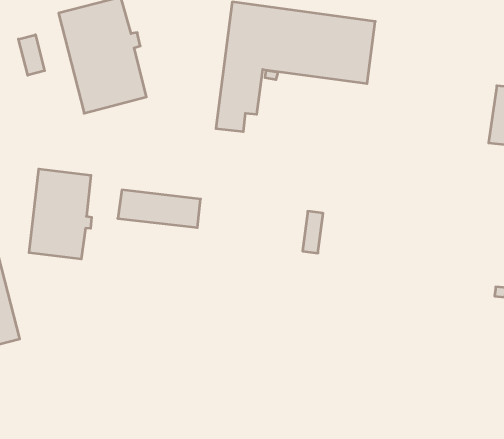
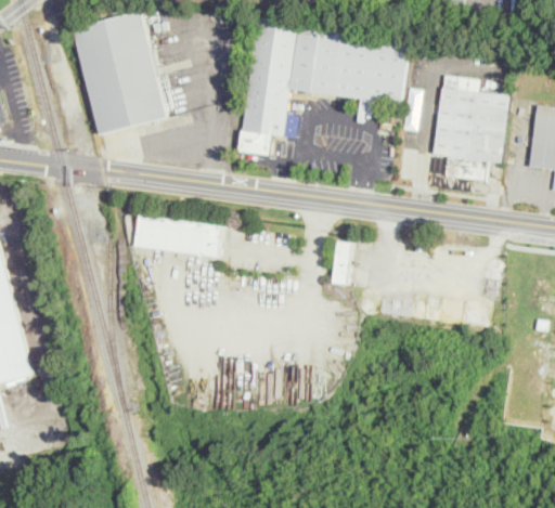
building: [18,35,45,75] -> none
building: none -> [431,74,509,182]
building: [29,169,92,259] -> none

